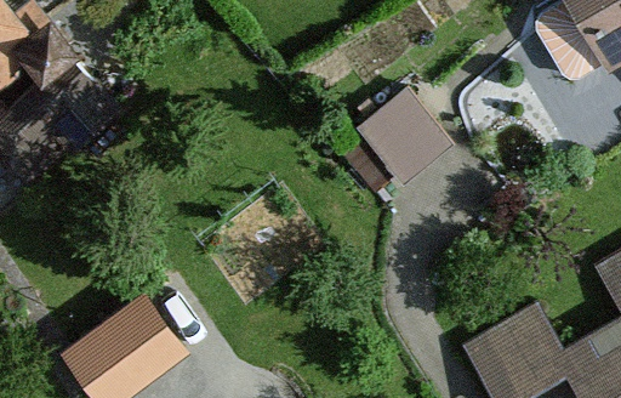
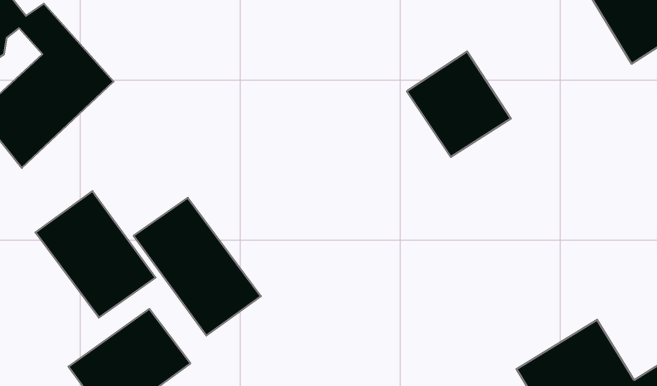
building: none -> [35,191,156,318]
building: none -> [134,198,261,336]

